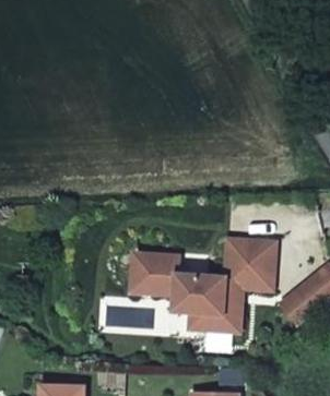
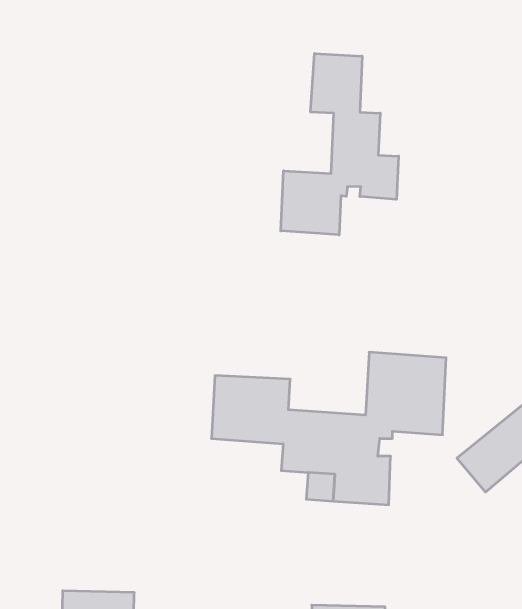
building: none -> [281,53,399,235]

